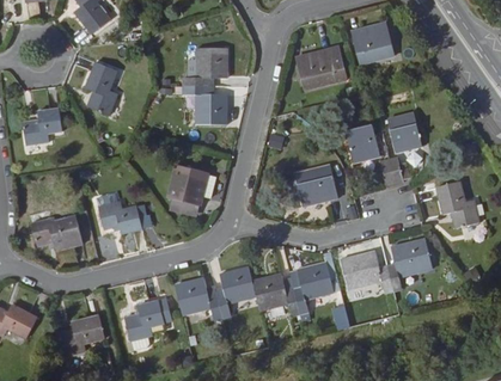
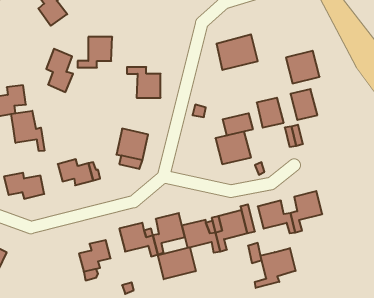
building: [352,21,393,62] -> [286,51,320,83]
building: [185,47,228,85] -> [78,37,112,68]
building: none -> [11,111,44,151]
building: none -> [223,113,253,136]
building: [432,182,475,227] -> none
building: none -> [158,247,196,279]
building: none -> [255,248,296,288]
building: [60,314,105,356] -> none

